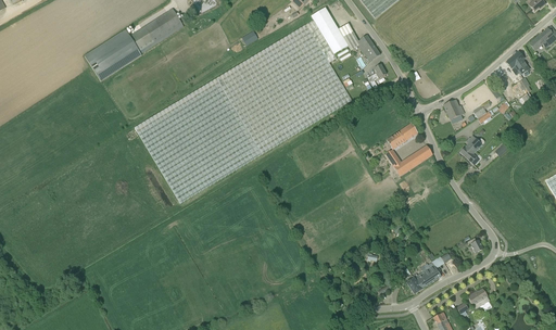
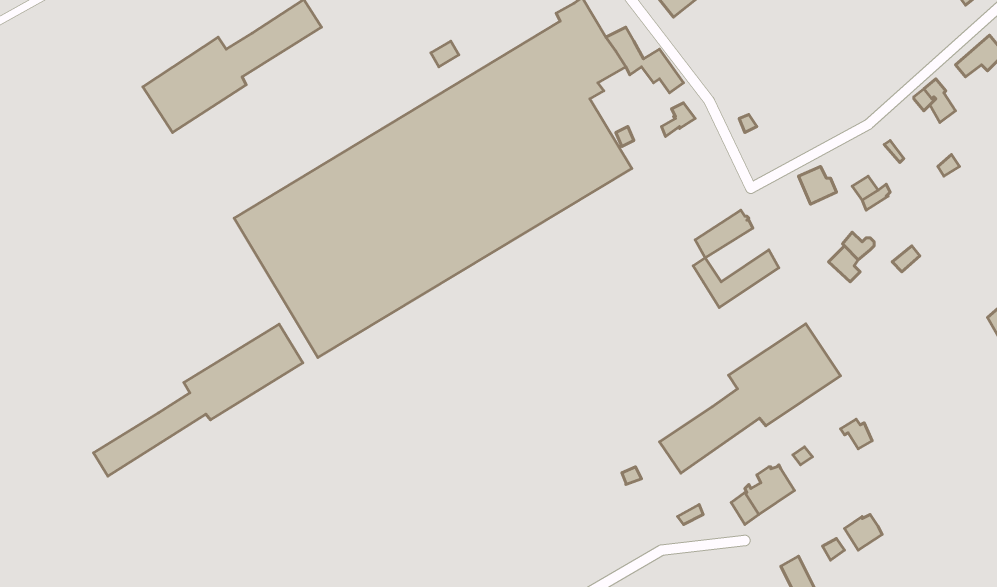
building: none -> [660,324,840,473]
building: none -> [93,324,303,476]

